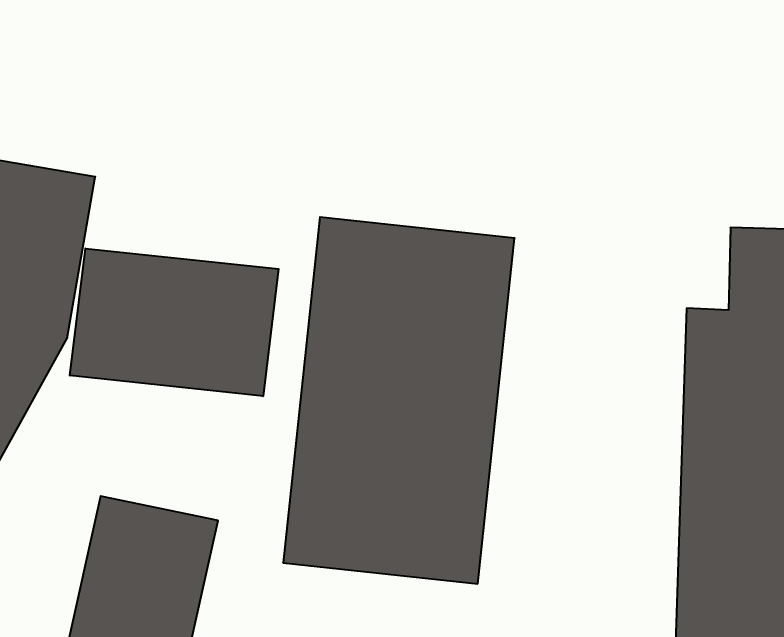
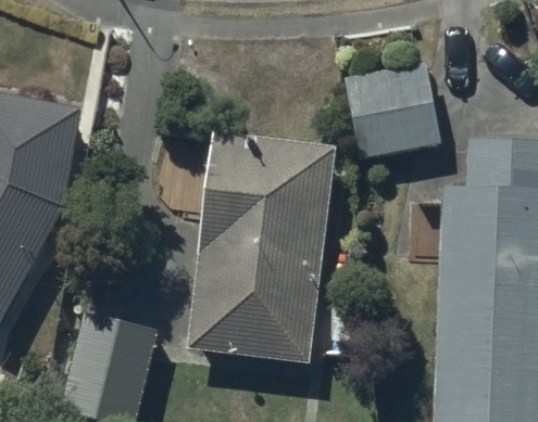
building: none -> [343,64,441,157]
building: [70,248,279,396] -> none

